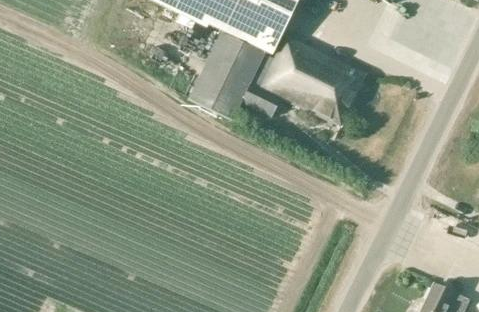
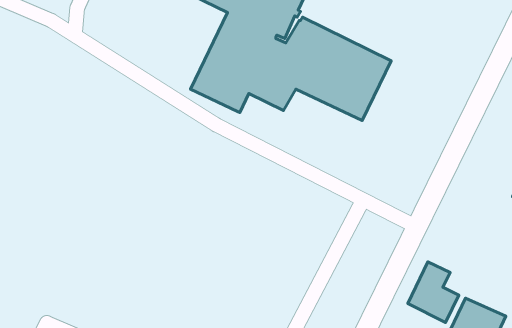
building: none -> [408,262,459,323]

